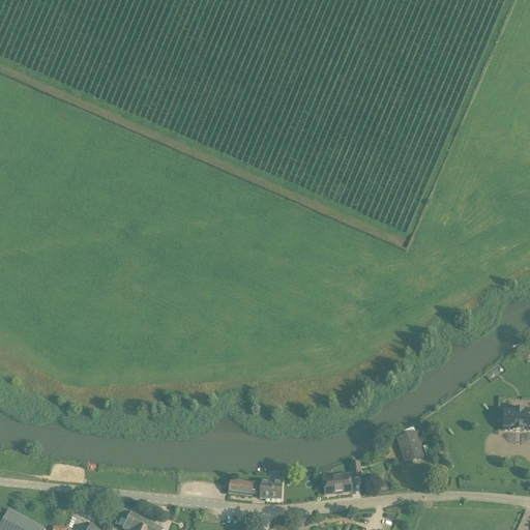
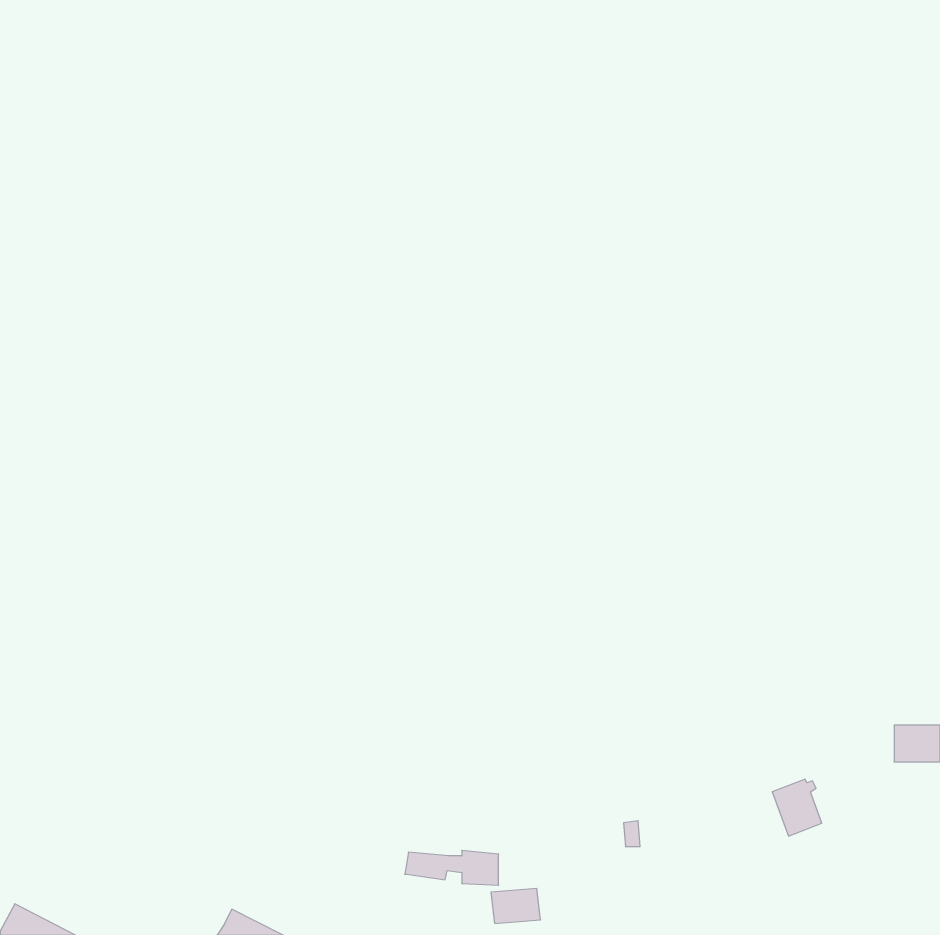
building: [395,430,423,462] -> [772,779,822,836]
building: [323,473,351,493] -> [491,888,541,923]

